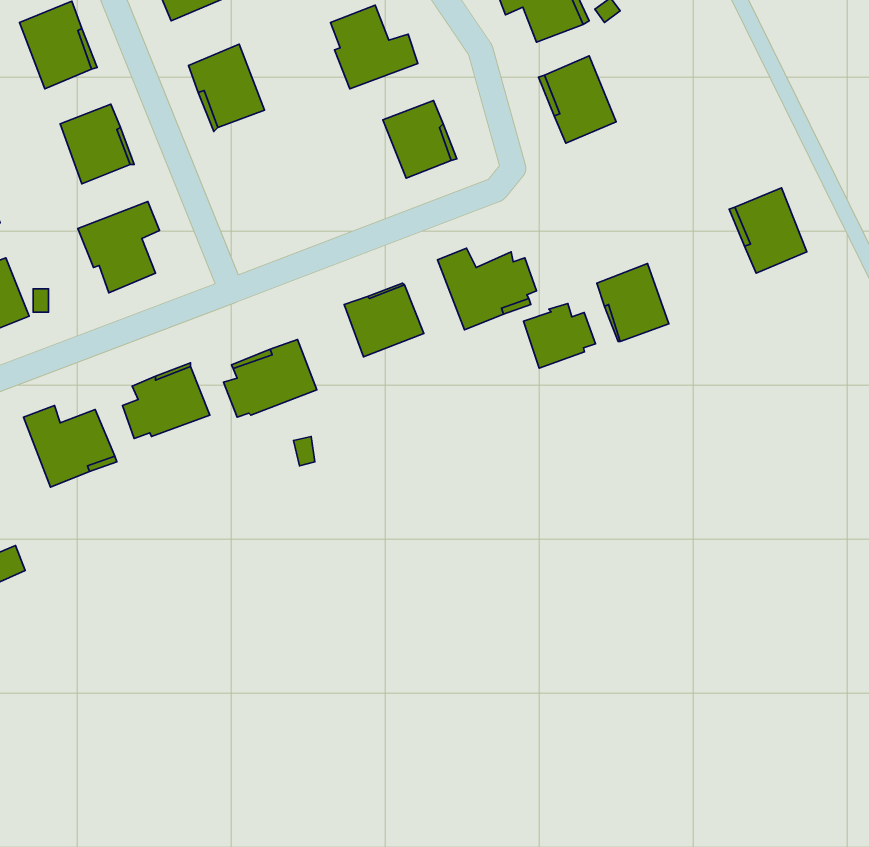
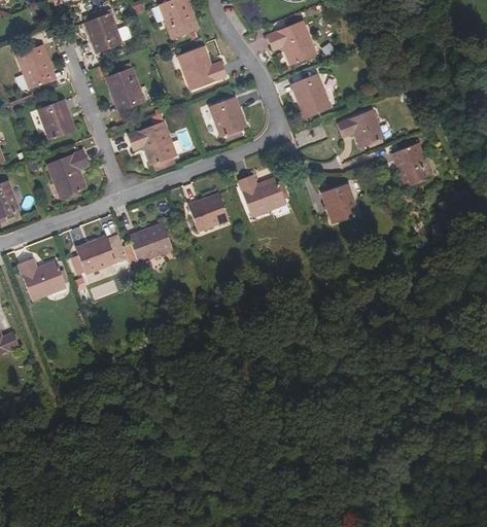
building: none -> [337,109,385,148]
building: none -> [128,120,174,166]
building: [523,303,596,368] -> none

